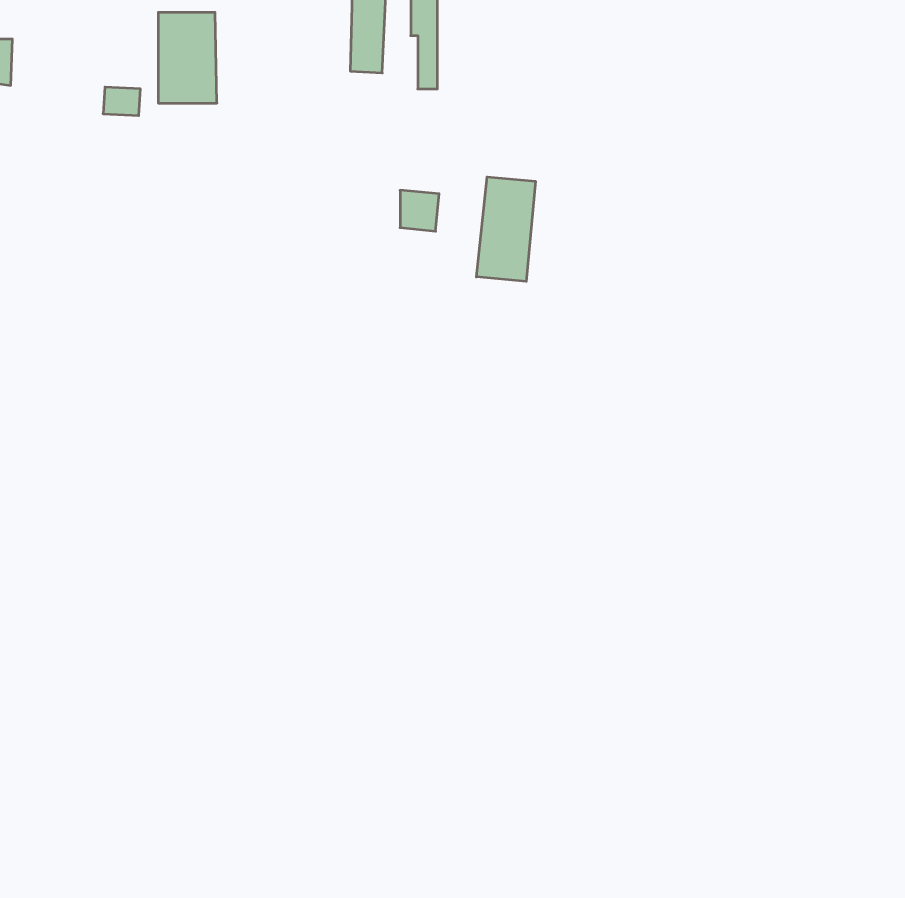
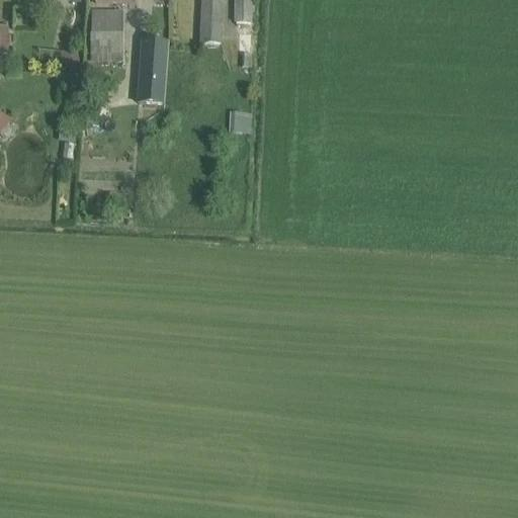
building: none -> [139,37,170,101]
building: [476,177,535,281] -> none

